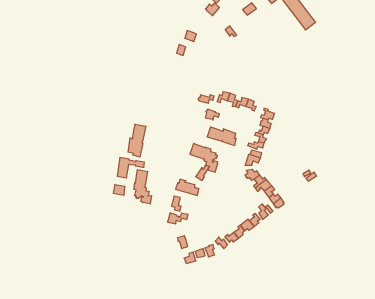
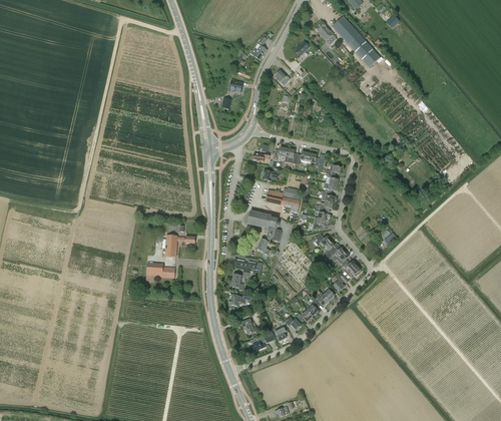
building: [128,124,146,157] -> none
building: [134,170,152,204] -> none

